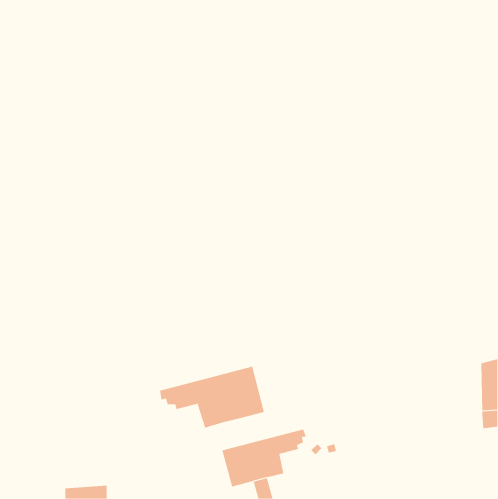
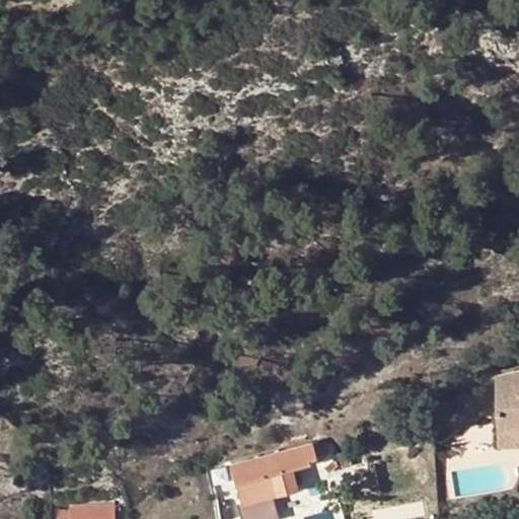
building: [159,366,265,428] -> none

